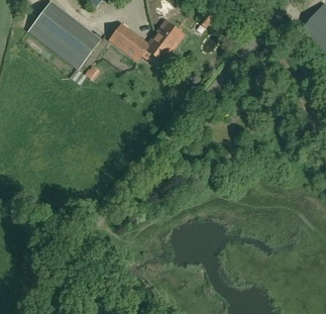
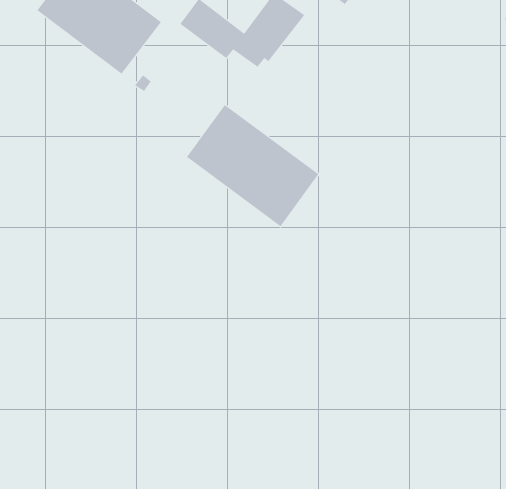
building: none -> [186,104,319,227]

